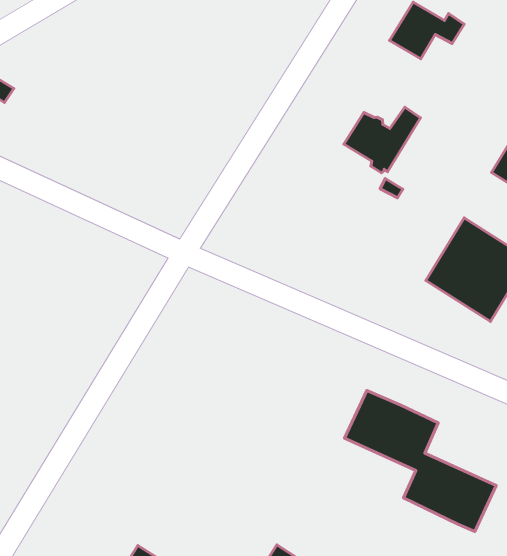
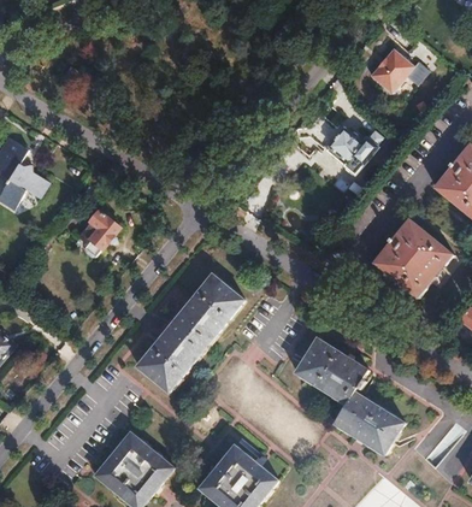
building: none -> [78,211,120,260]
building: none -> [136,275,243,393]

